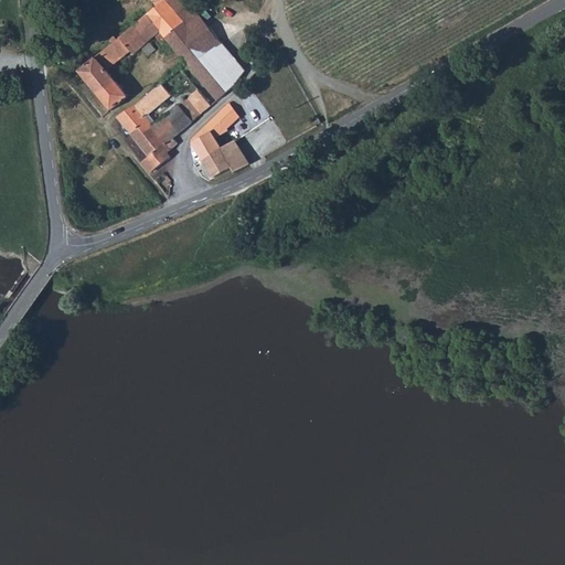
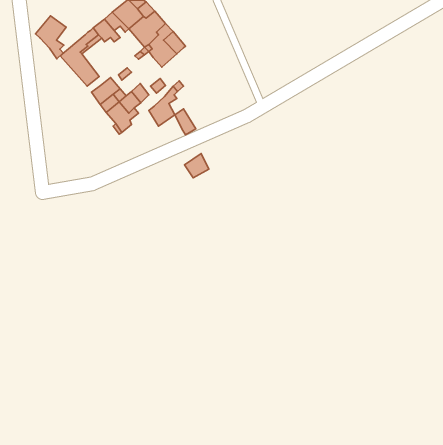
building: none -> [35,16,66,59]
building: [205,61,241,97] -> none
building: [201,146,232,177] -> [185,154,209,178]

